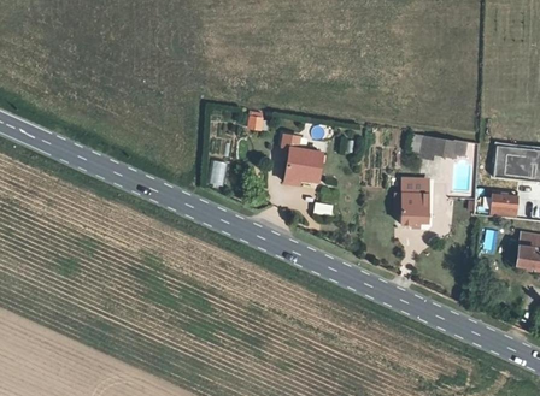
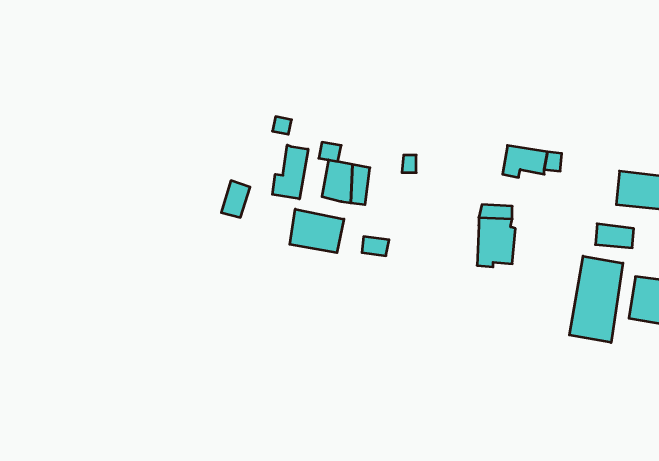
building: none -> [272,145,308,199]
building: none -> [290,209,344,253]
building: none -> [569,256,623,343]

